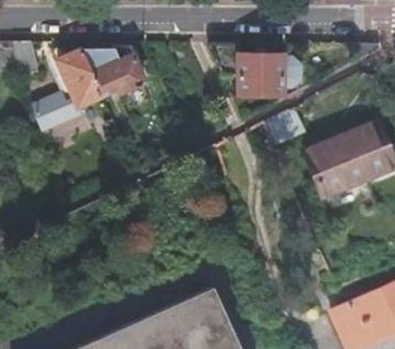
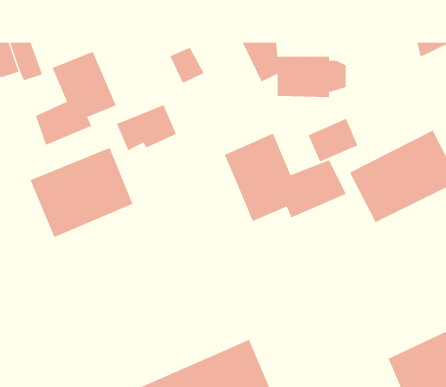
building: [94,55,145,94] -> [116,104,177,151]
building: none -> [224,133,347,222]
building: none -> [30,147,133,238]

